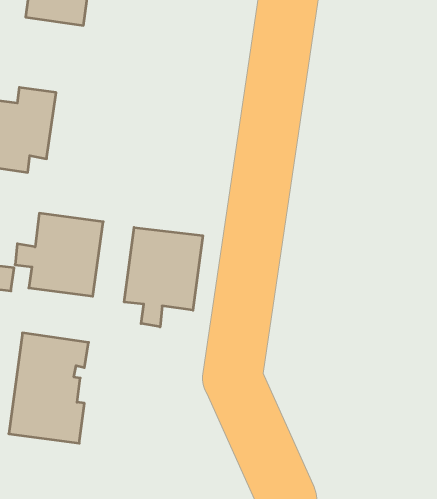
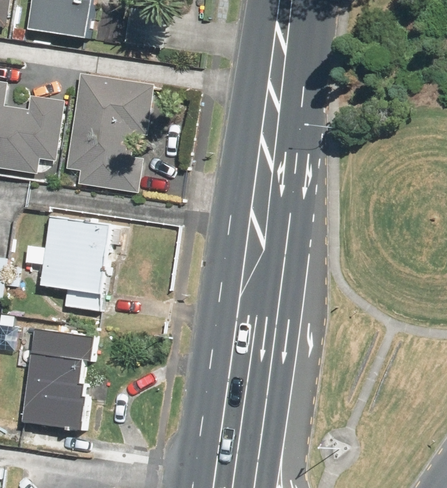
building: none -> [65,74,152,195]
building: [124,227,203,327] -> none

